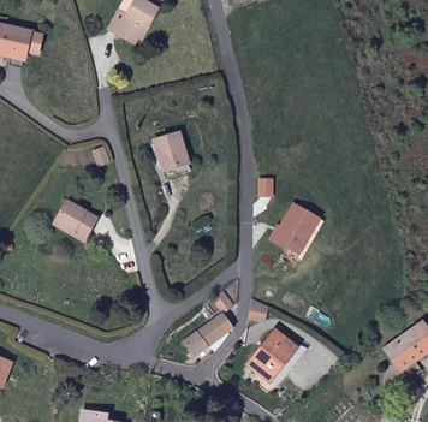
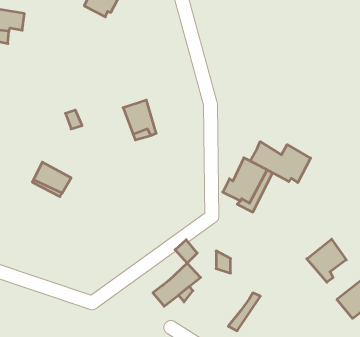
building: none -> [250,142,311,183]
building: none -> [307,239,346,282]
building: [246,333,291,379] -> none

